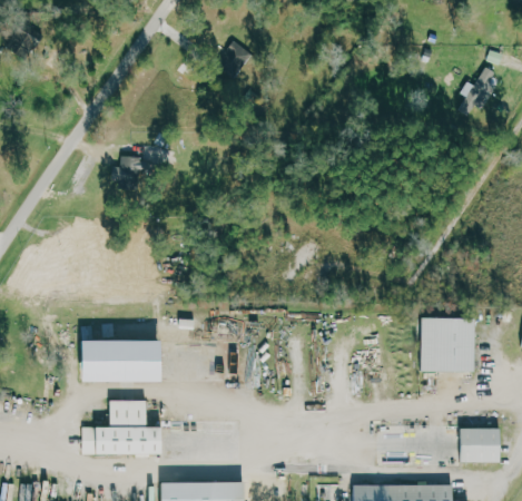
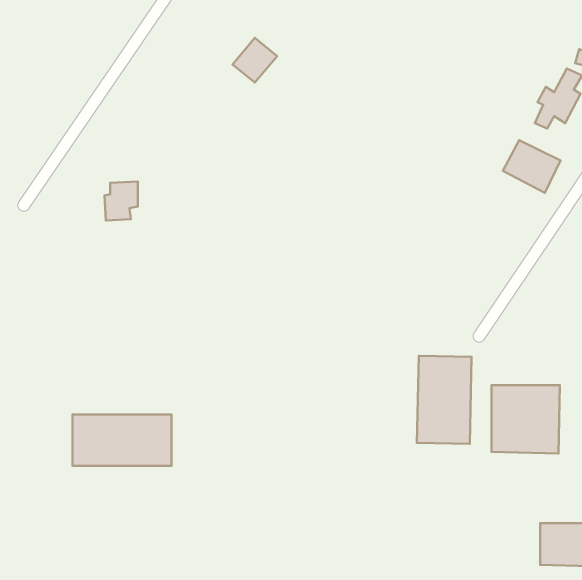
building: none -> [503,140,560,193]
building: none -> [417,356,471,444]
building: [81,400,165,455] -> none

